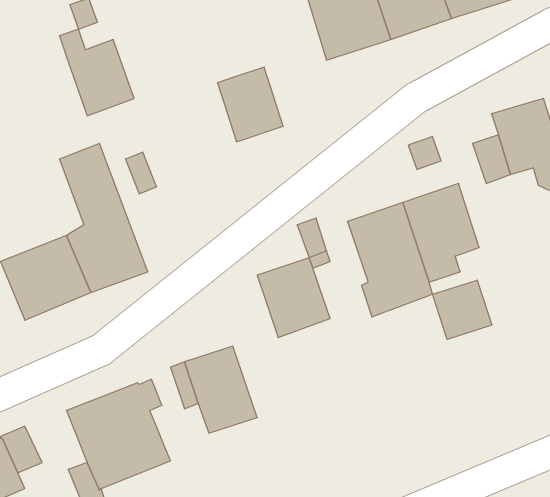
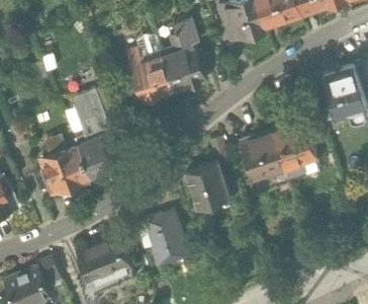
building: none -> [164,22,195,54]
building: [59,29,134,116] -> [130,51,174,101]
building: [432,280,492,339] -> none

